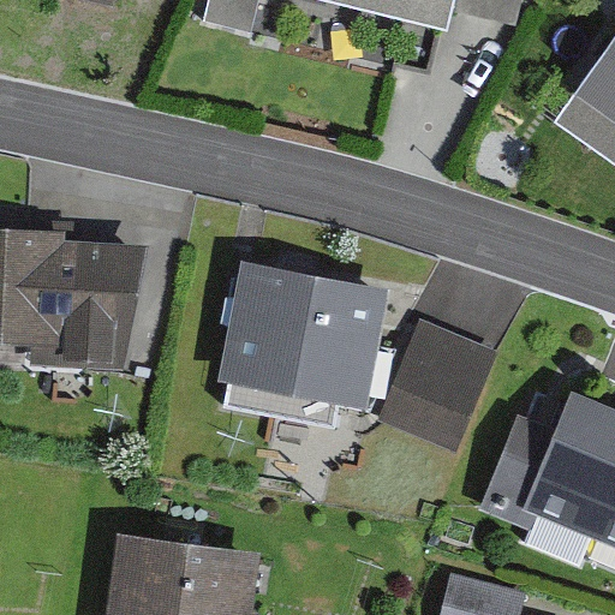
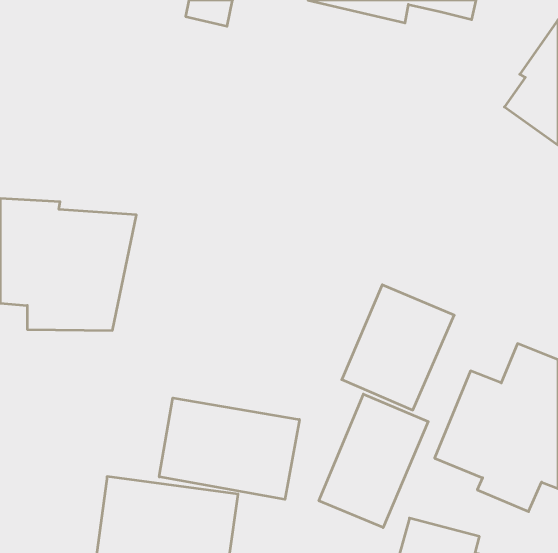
building: [219,257,390,429] -> none
building: none -> [319,394,428,528]
building: none -> [159,398,299,499]

